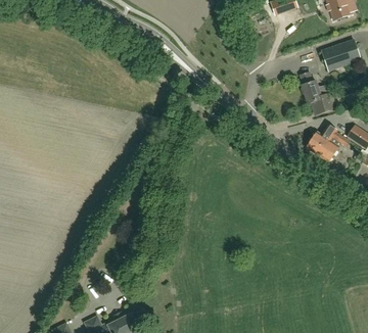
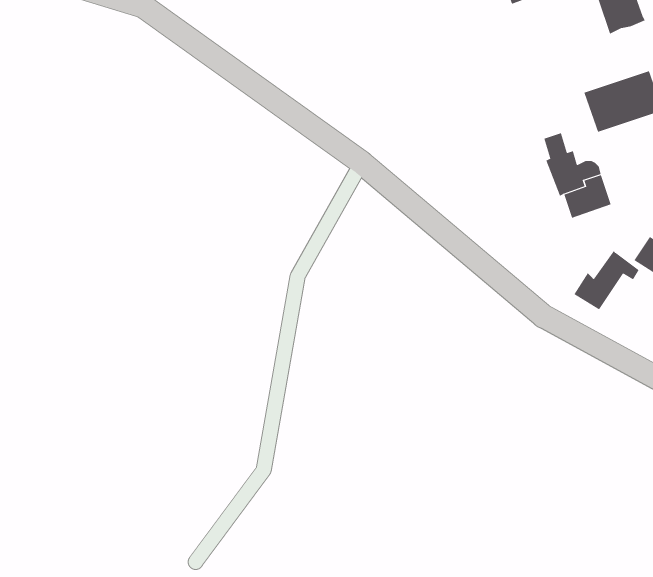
building: [306,124,337,153] -> none

